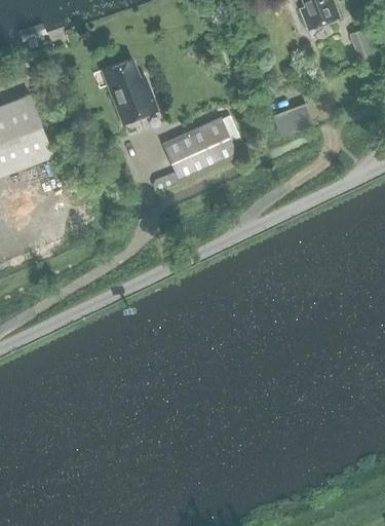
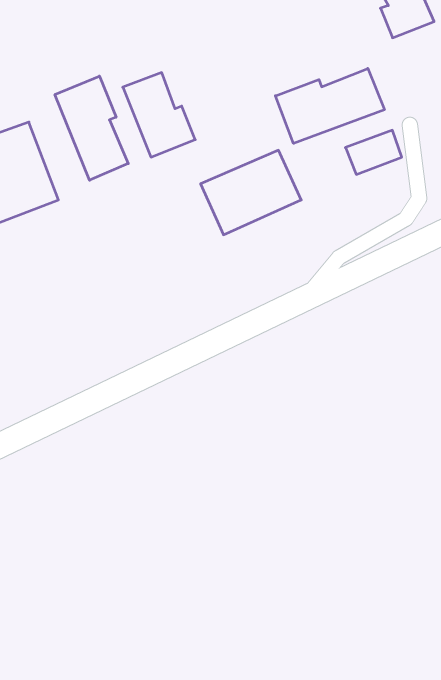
building: none -> [275,68,384,143]
building: none -> [55,76,128,180]

